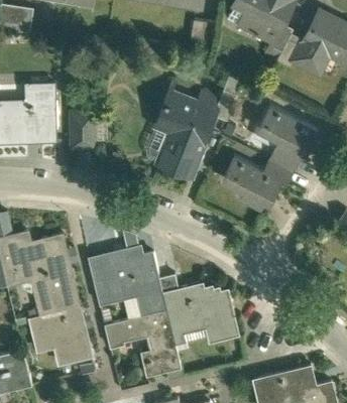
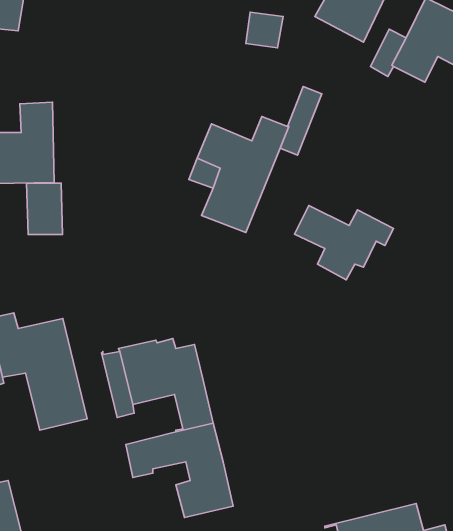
building: [259,107,319,173] -> none
building: [71,112,96,148] -> [27,183,62,235]
building: [159,275,240,345] -> none
building: [29,307,90,365] -> none

